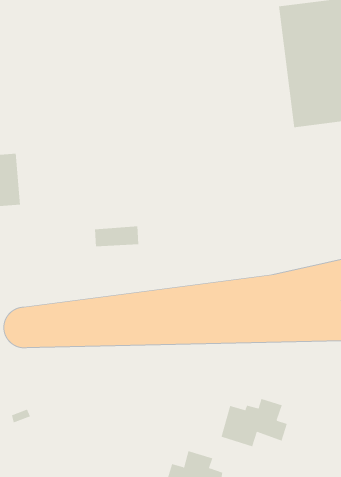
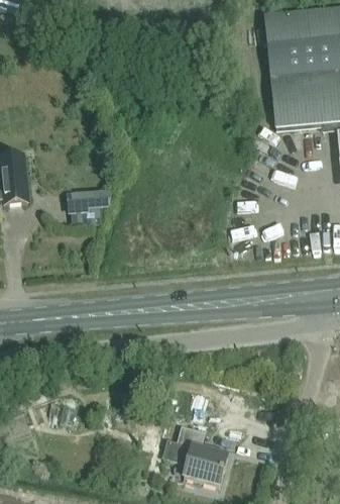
building: [94,226,139,247] -> [70,189,111,208]
building: [221,398,287,447] -> none

